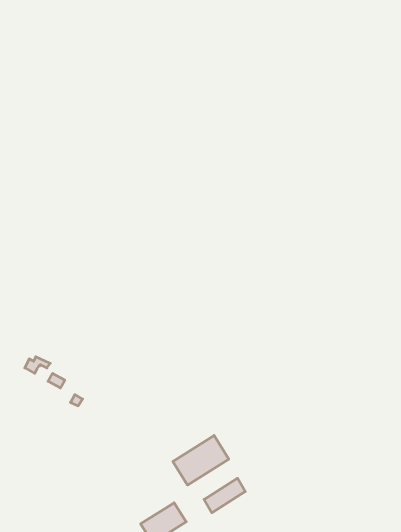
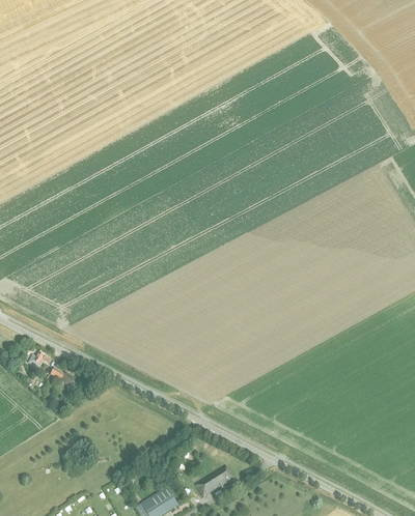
building: [173,435,229,485] -> none

